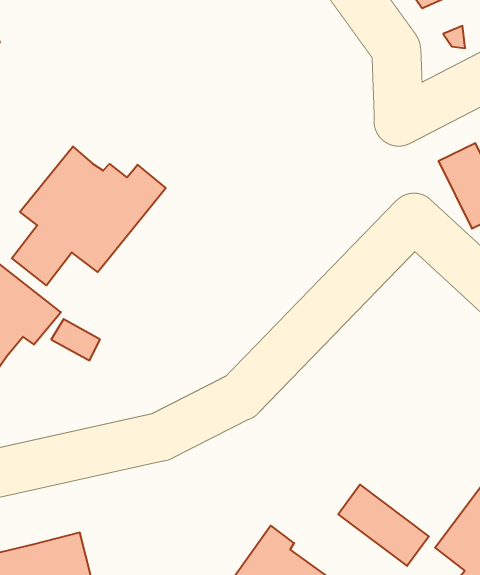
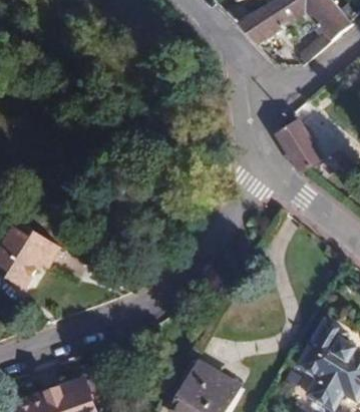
building: [12,146,166,285] -> none
building: [338,485,429,566] -> none

